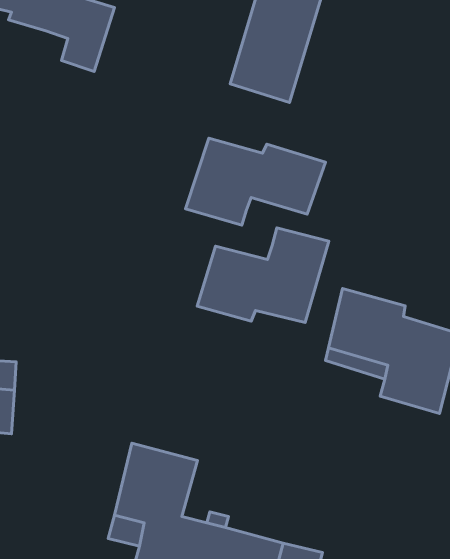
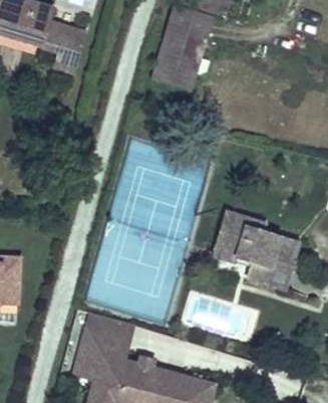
building: [186,138,325,225] -> none
building: [197,228,329,322] -> none

